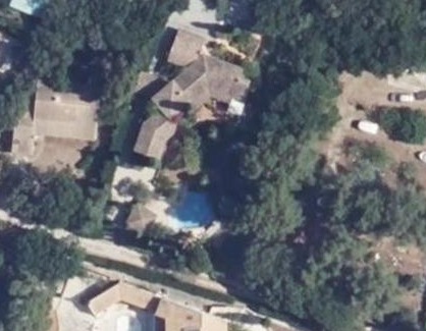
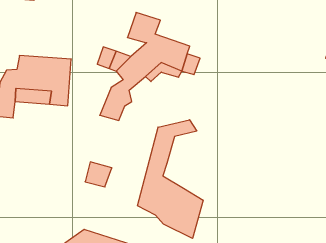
building: none -> [138,120,203,238]

